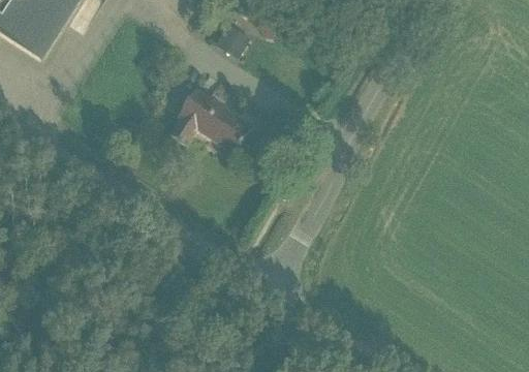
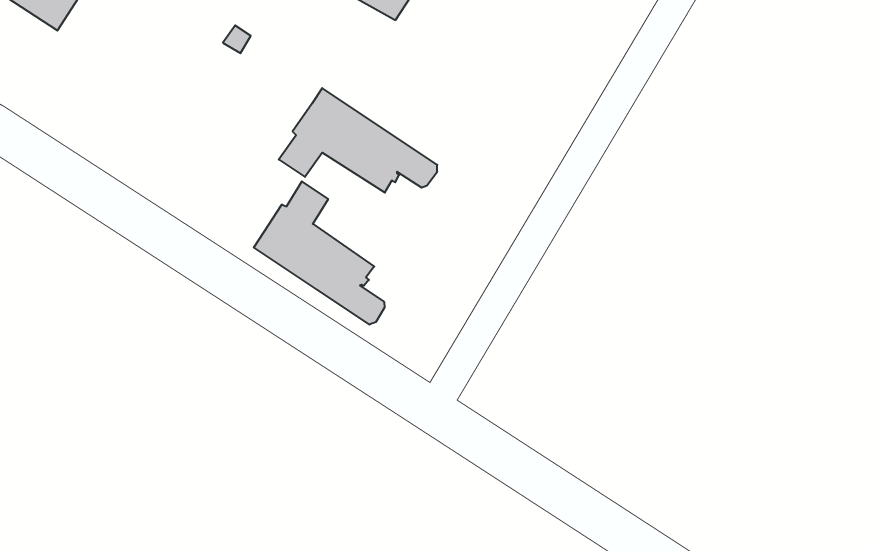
building: none -> [254,181,384,325]

